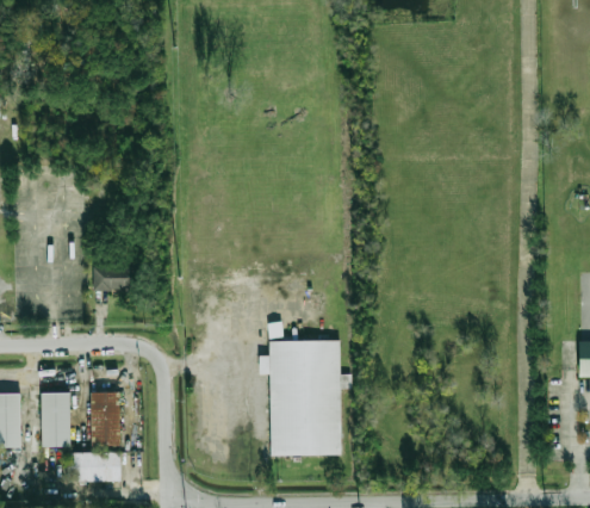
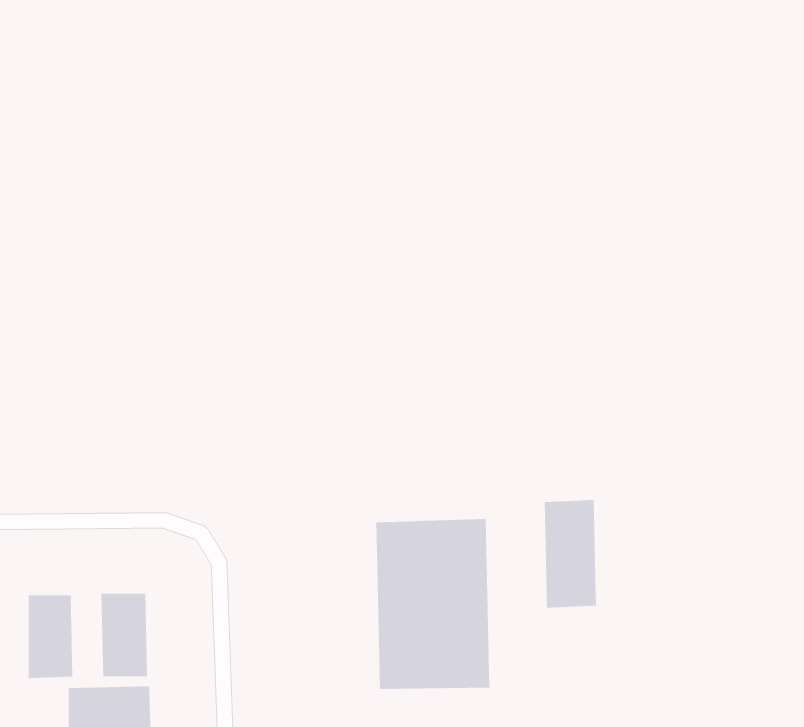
building: [93,267,130,290] -> none
building: none -> [544,499,596,609]

